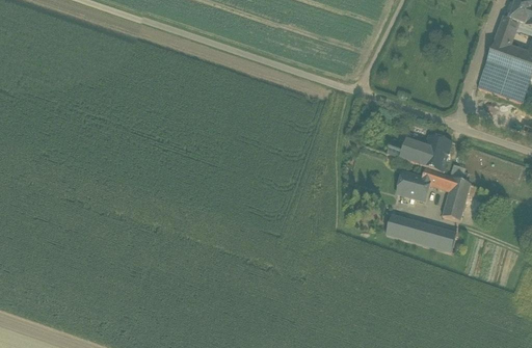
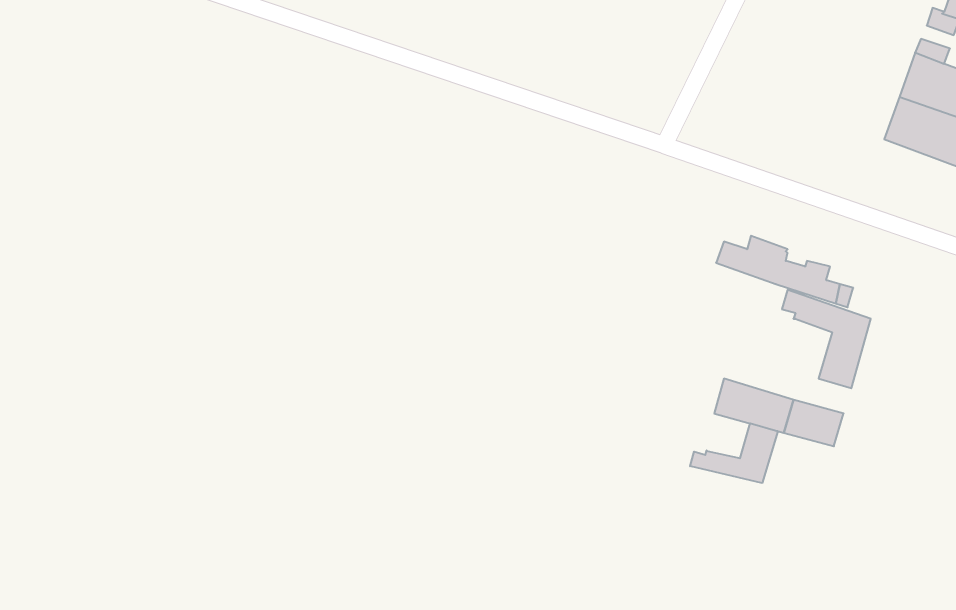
building: [425,134,452,155] -> none
building: [398,172,430,200] -> none
building: none -> [690,423,778,483]

